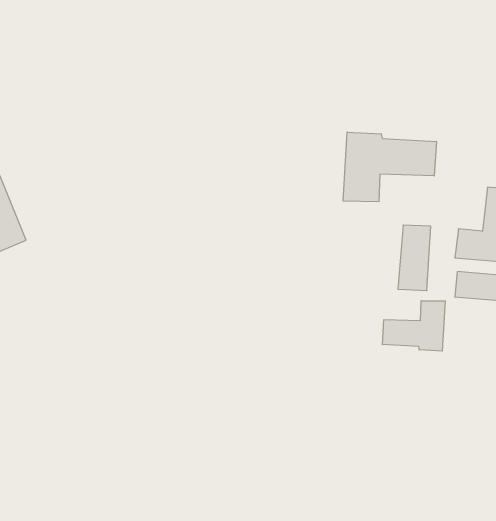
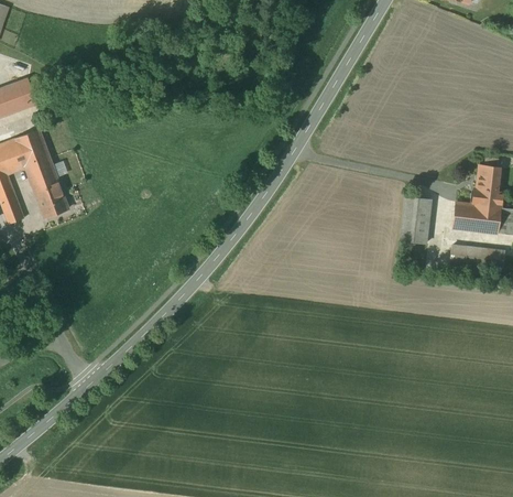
building: [343,132,436,202] -> none
building: [382,301,445,351] -> none

